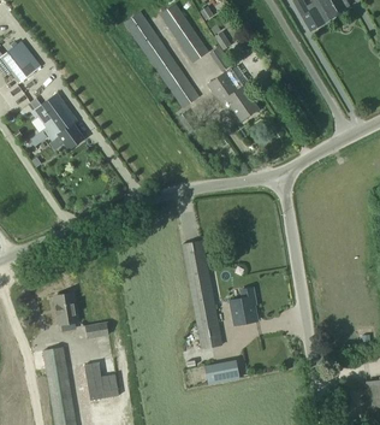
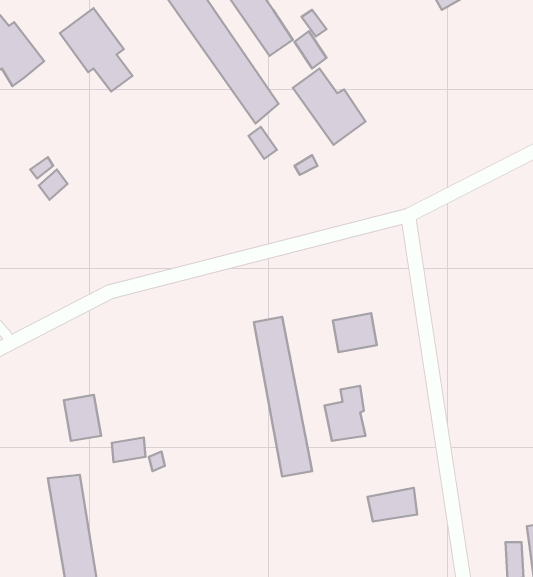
building: [34,93,83,149] -> [60,8,133,92]
building: none -> [333,313,377,352]
building: [204,360,238,383] -> [368,488,417,522]
building: [83,362,118,400] -> none

